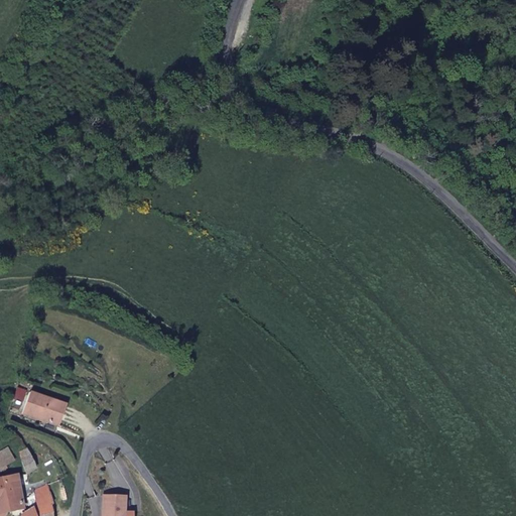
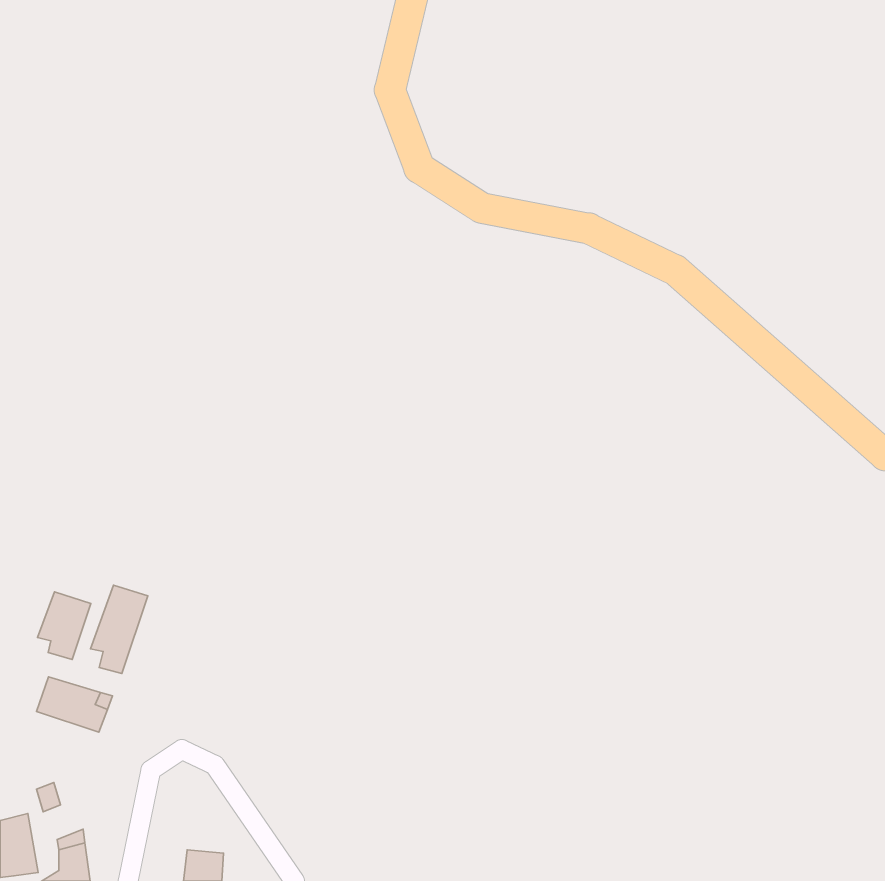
building: none -> [91,585,148,674]
building: none -> [37,592,91,659]

